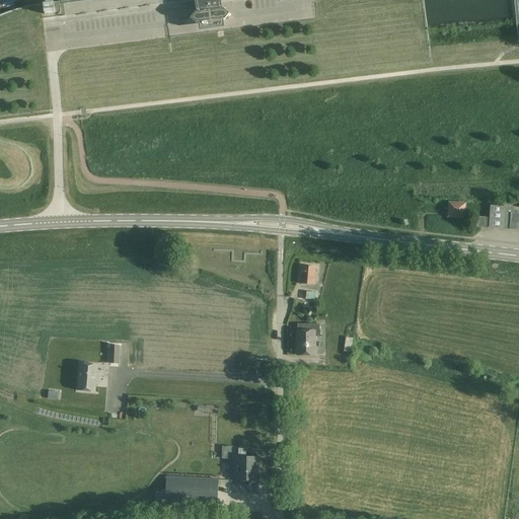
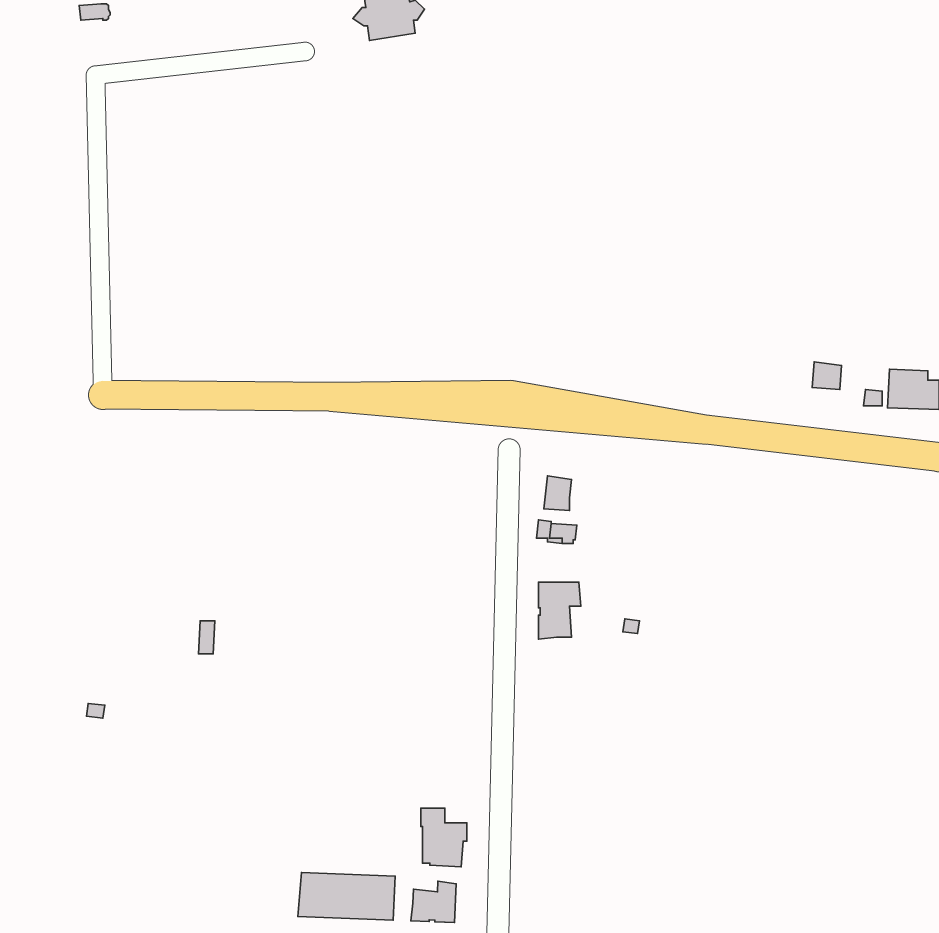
building: [77,360,97,389] -> none
building: none -> [411,881,456,923]

